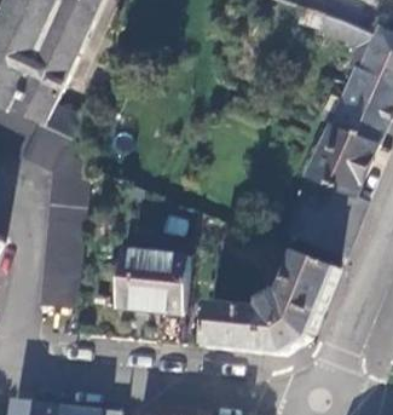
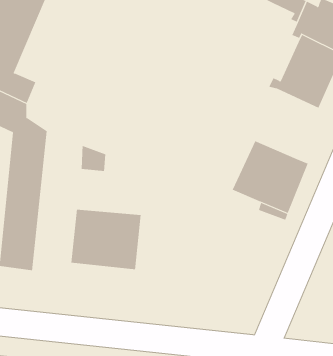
building: [308,121,376,195] -> none
building: [203,249,337,352] -> none

